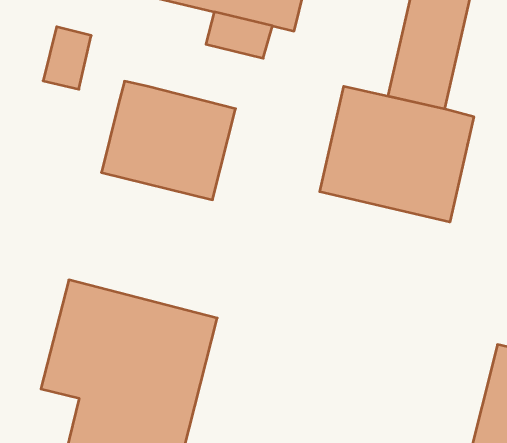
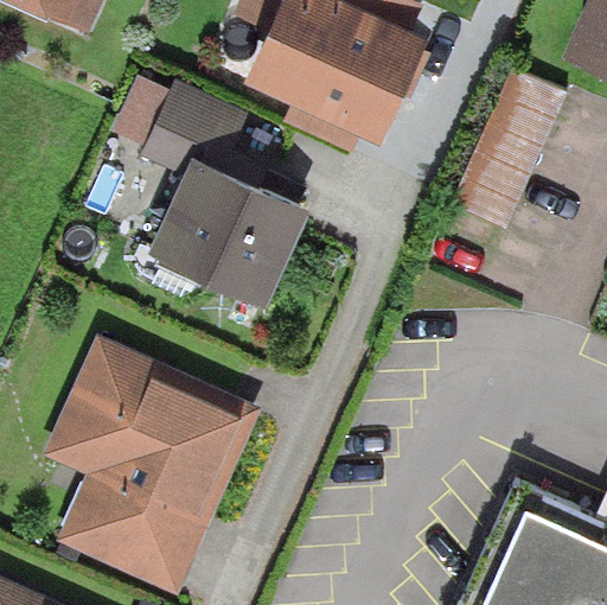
building: none -> [143,93,236,176]
building: [320,86,474,222] -> none

